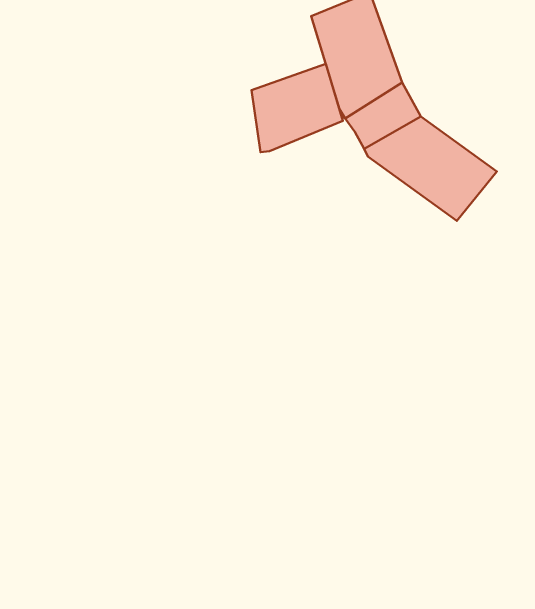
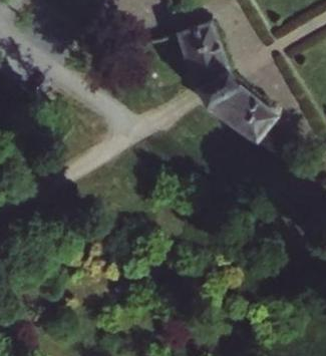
building: [251,64,343,152] -> none

